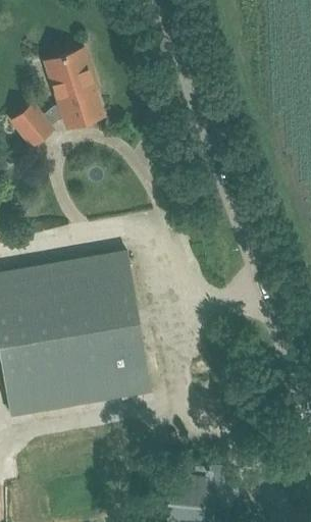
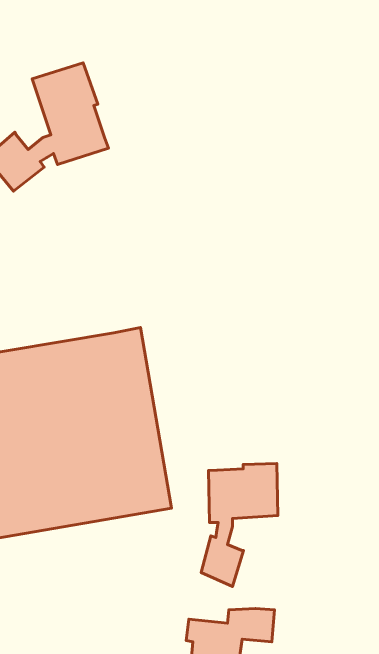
building: none -> [201,463,278,586]

